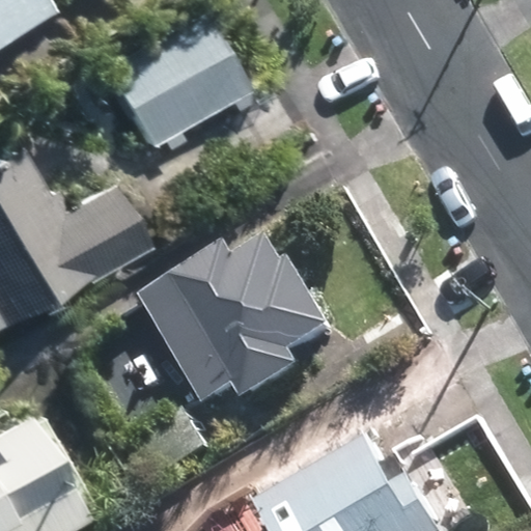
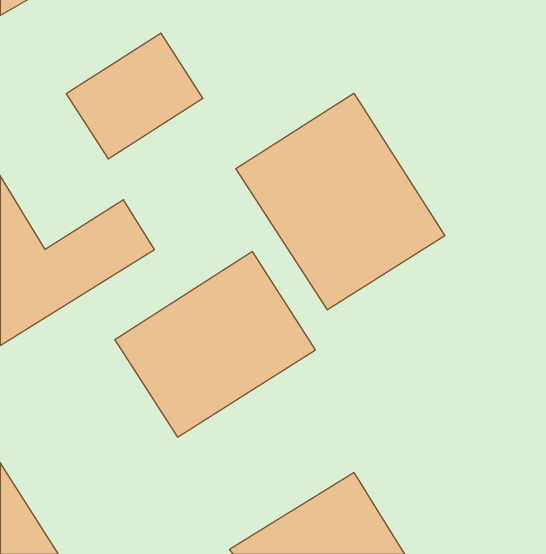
building: none -> [236,93,445,310]

